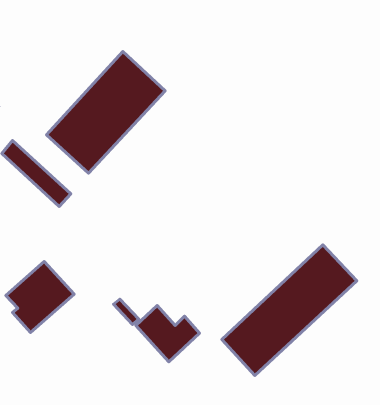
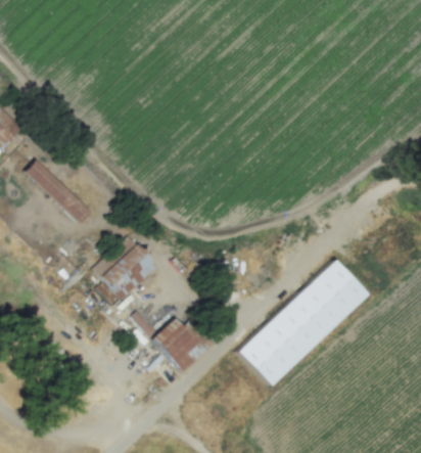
building: [46,51,165,173] -> none
building: [6,261,74,333] -> [93,237,158,306]

